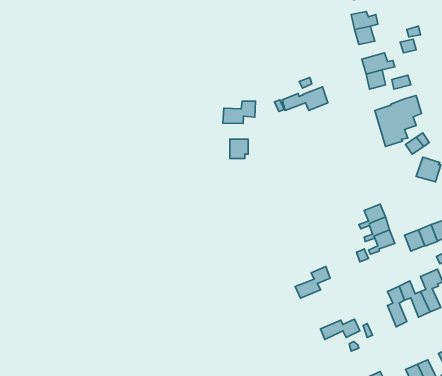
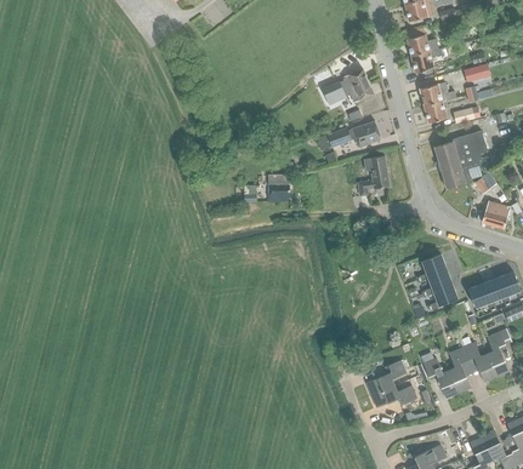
building: none -> [322,68,374,104]
building: [223,101,256,123] -> none
building: none -> [358,155,390,195]
building: [295,266,330,298] -> [366,359,407,395]
building: none -> [423,358,459,397]

